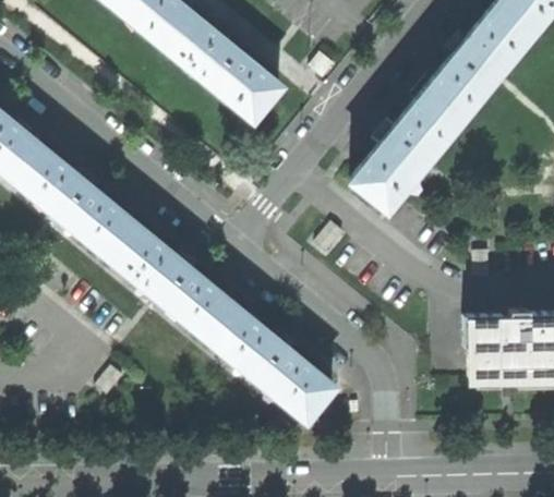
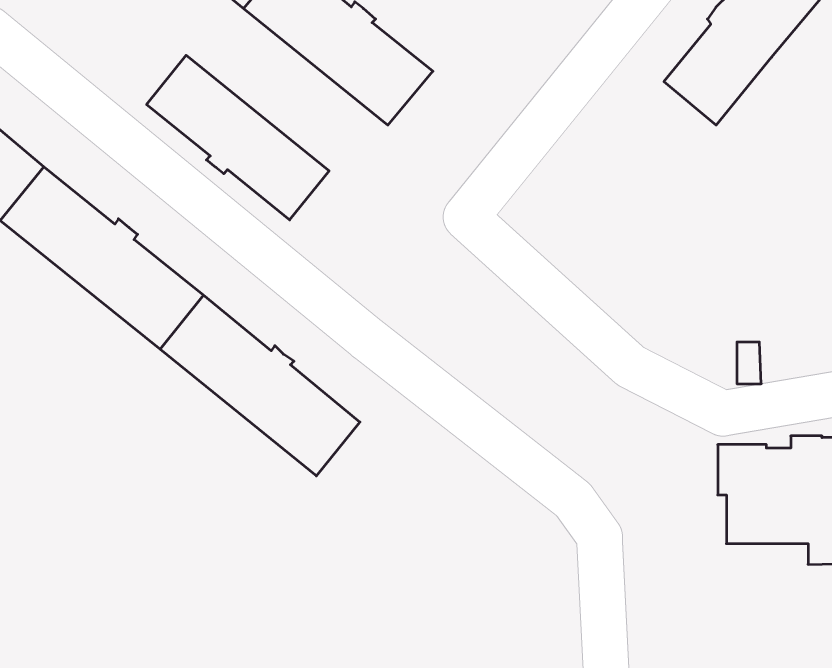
building: none -> [147,55,329,220]
building: [356,94,460,208] -> none
building: [209,307,338,423] -> none

